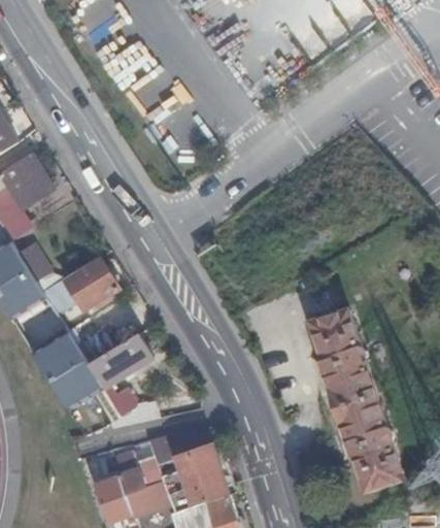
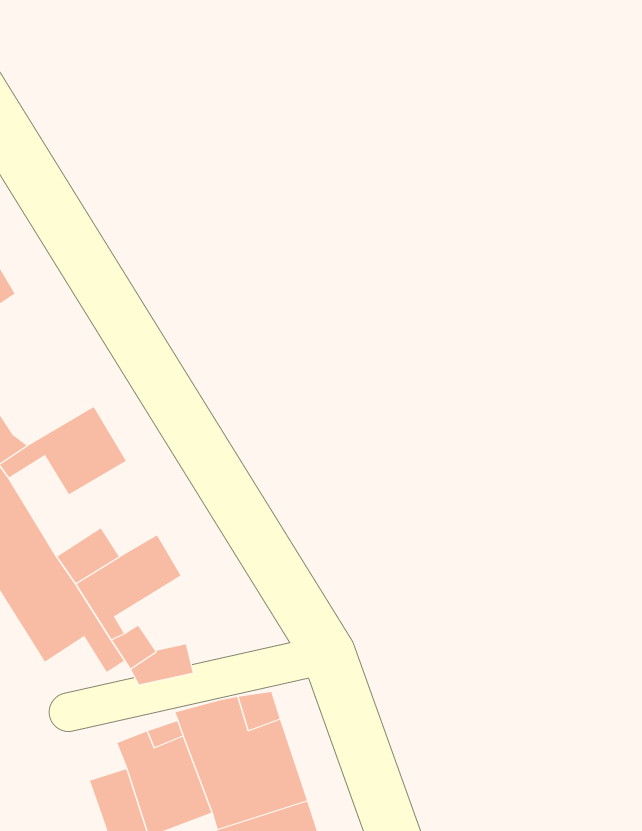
building: [309,308,402,489] -> none

